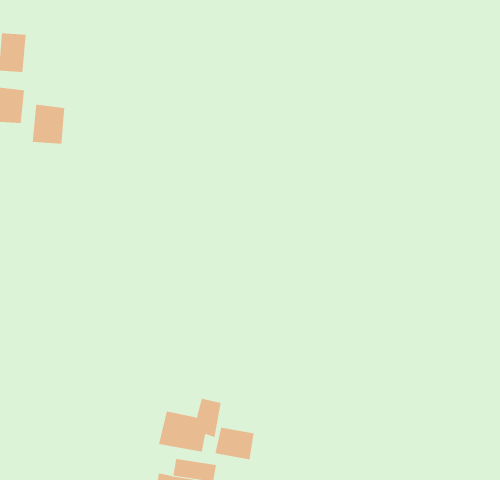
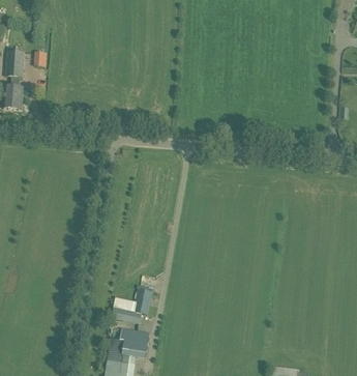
building: [32,104,65,144] -> none
building: [215,427,254,460] -> none

